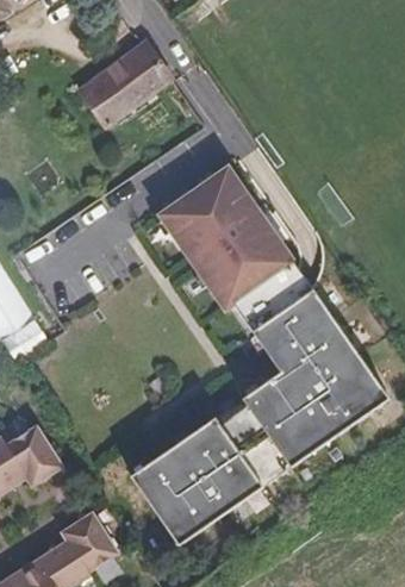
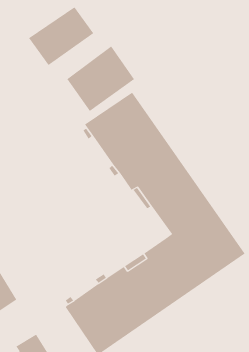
building: none -> [67,45,135,112]

